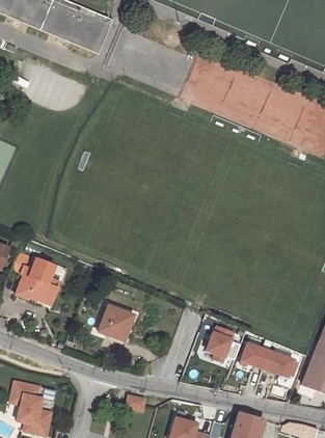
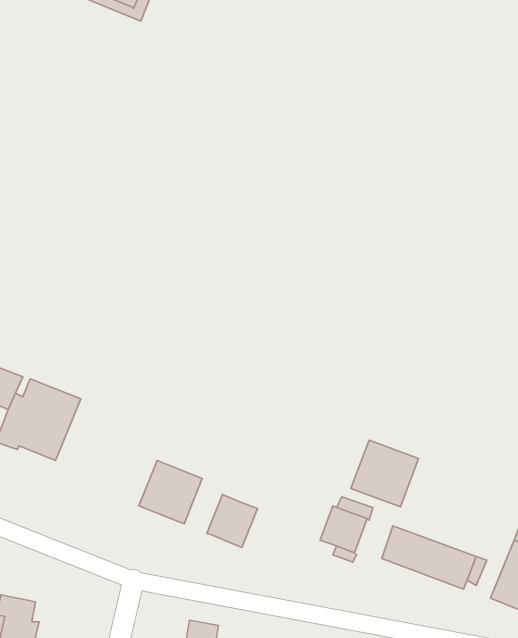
building: none -> [351,440,419,507]
building: none -> [207,495,258,548]

